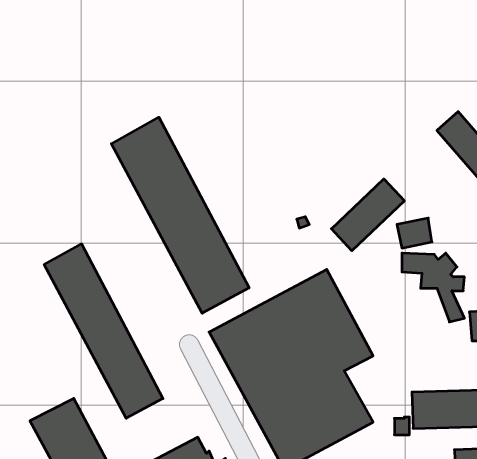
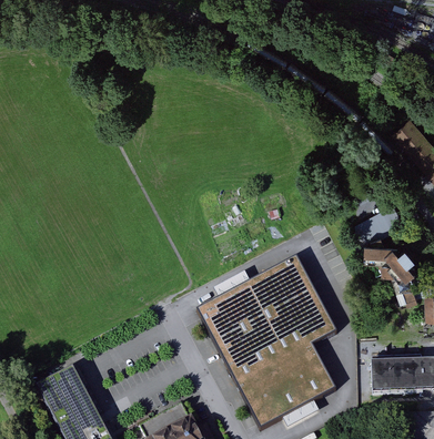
building: [111,117,249,313] -> none
building: [331,179,404,251] -> none
building: [44,244,163,418] -> none

